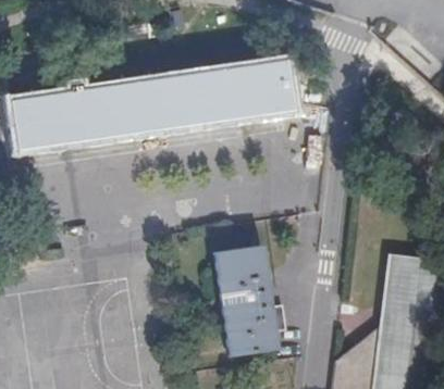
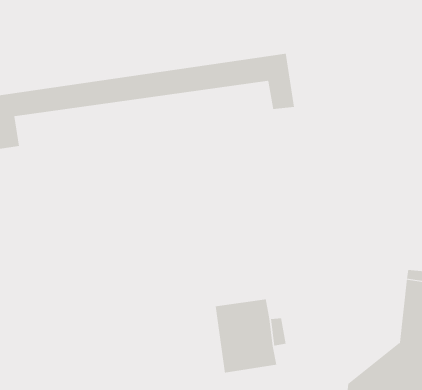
building: [33,85,271,145] -> none
building: [211,244,266,292] -> none

